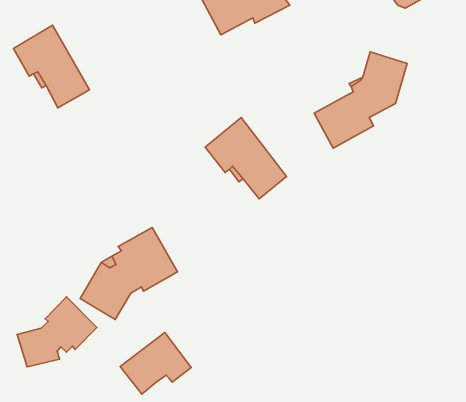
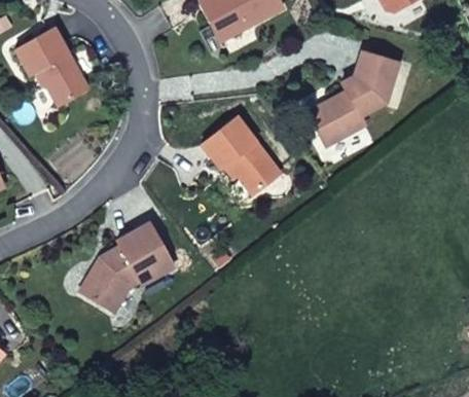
building: [17,297,97,367] -> none
building: [120,332,191,394] -> none

